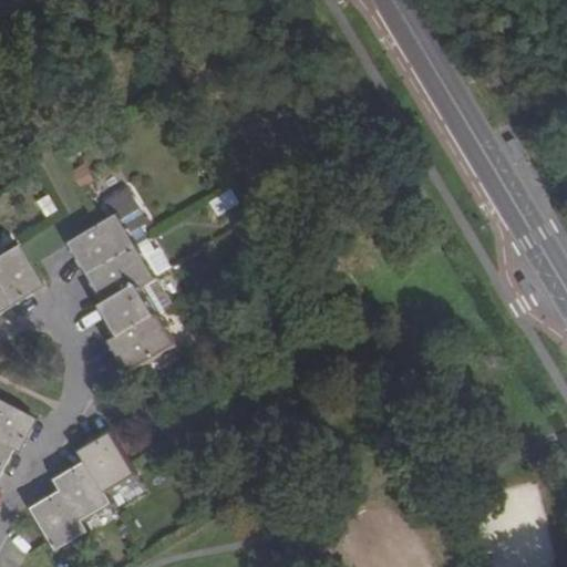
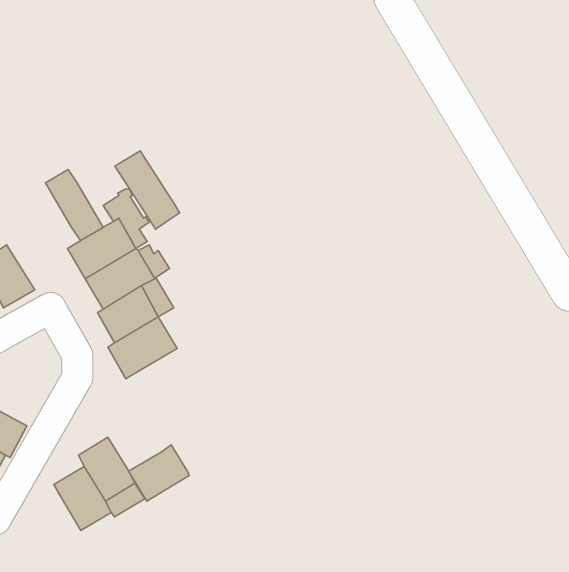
building: none -> [115,151,180,229]
building: none -> [46,170,103,241]
building: none -> [129,445,189,501]
building: [30,487,86,551] -> none

